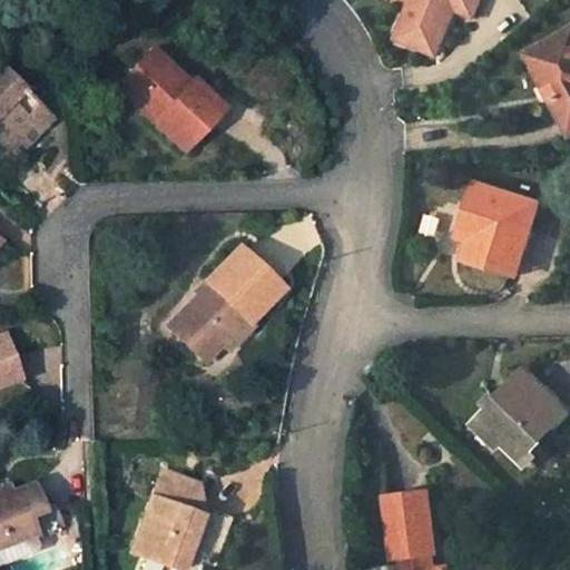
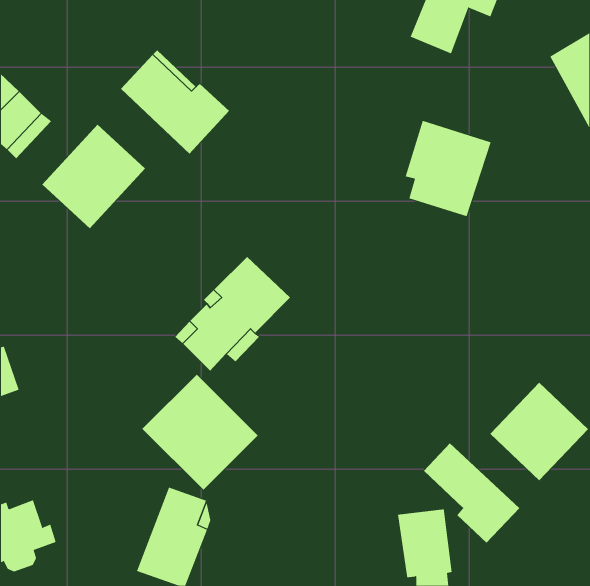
building: none -> [41,124,146,229]
building: [458,181,541,275] -> [405,120,491,217]
building: none -> [142,374,259,491]
building: none -> [423,442,520,544]

